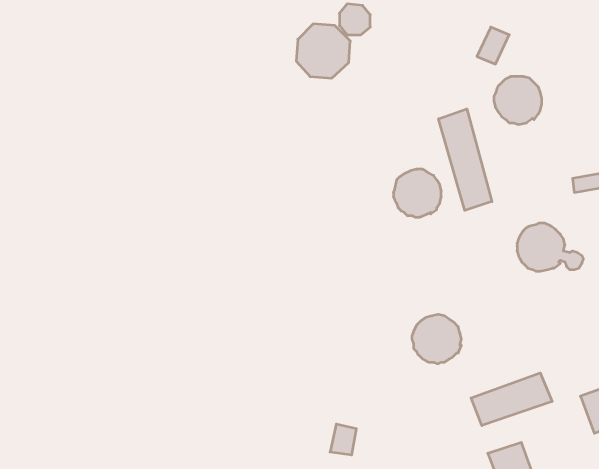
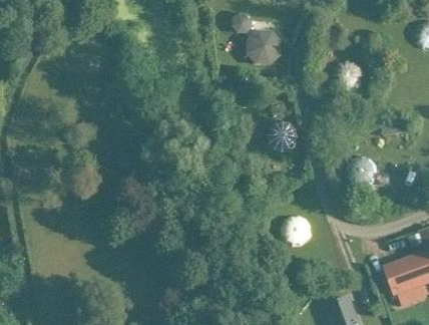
building: [296,24,350,78] -> [247,30,282,65]
building: [439,109,492,210] -> none
building: [471,373,552,426] -> none

